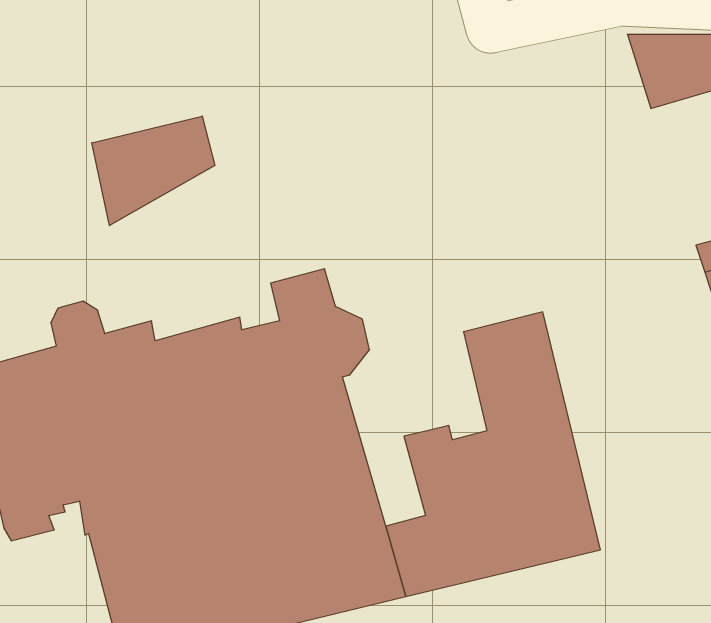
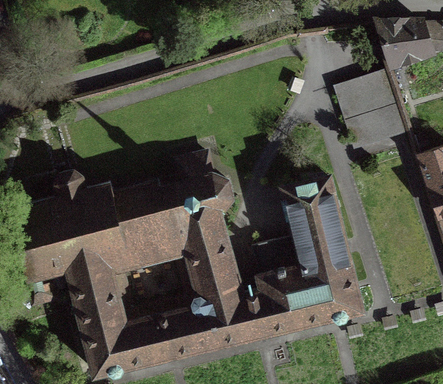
building: [92,116,215,226] -> none
building: none -> [334,69,403,144]

